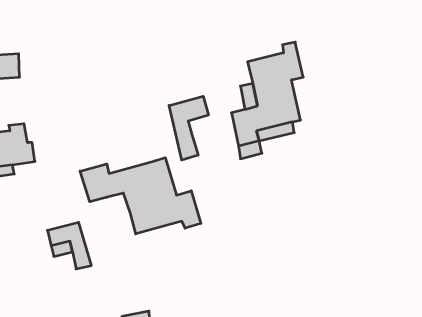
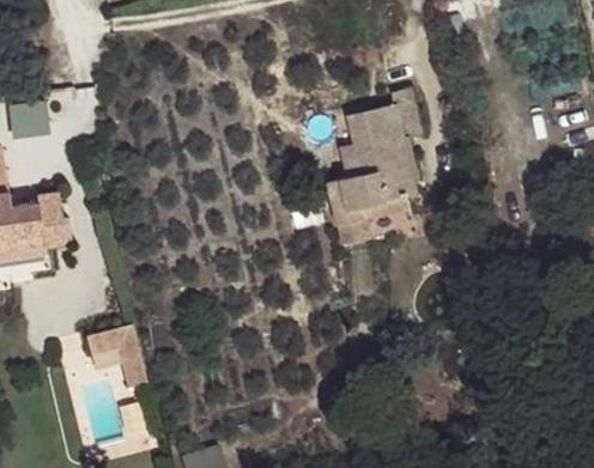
building: [169,96,208,160] -> none
building: [80,158,201,234] -> none

